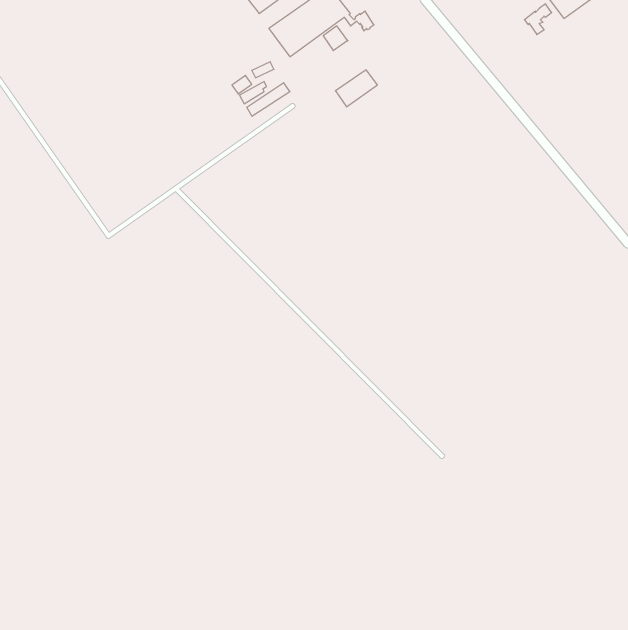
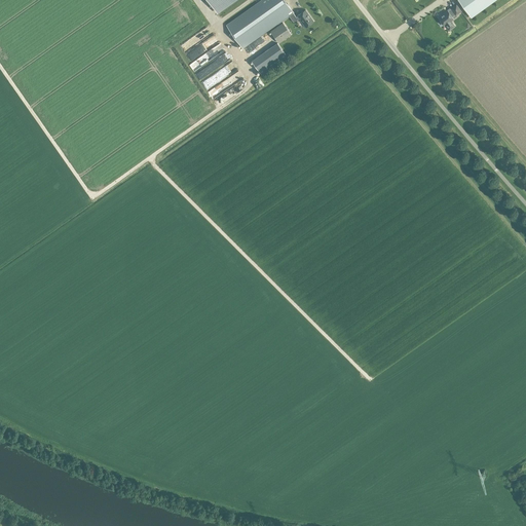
building: [335,70,377,107] -> [250,42,285,73]

